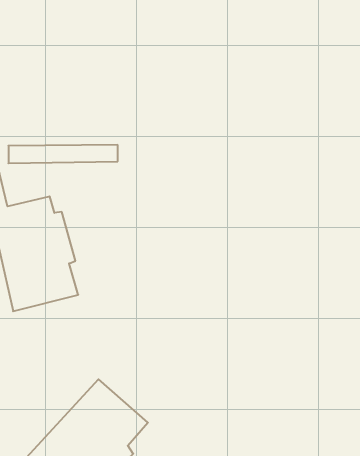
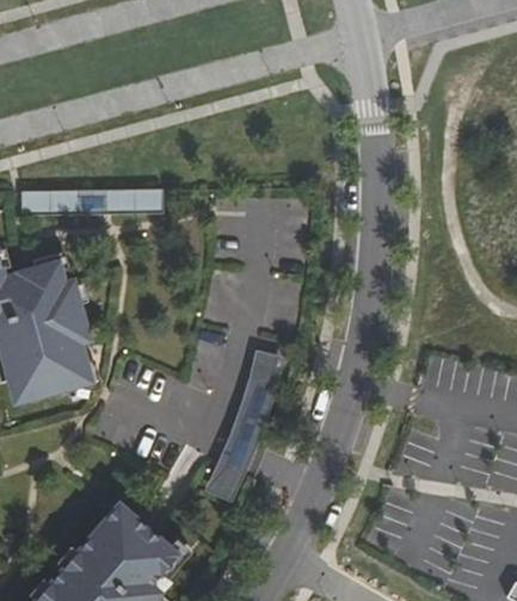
building: none -> [197,351,276,498]

